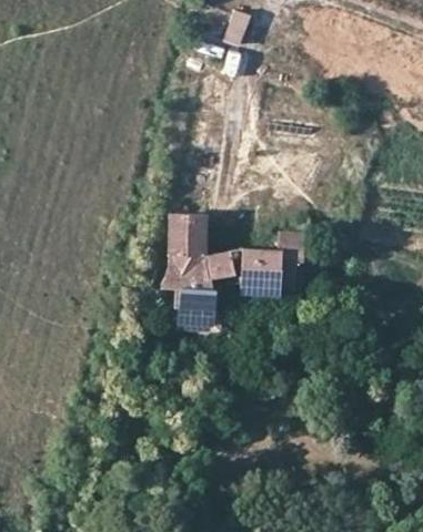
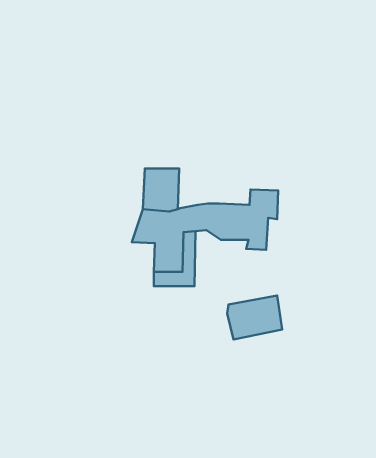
building: none -> [227,295,282,340]

